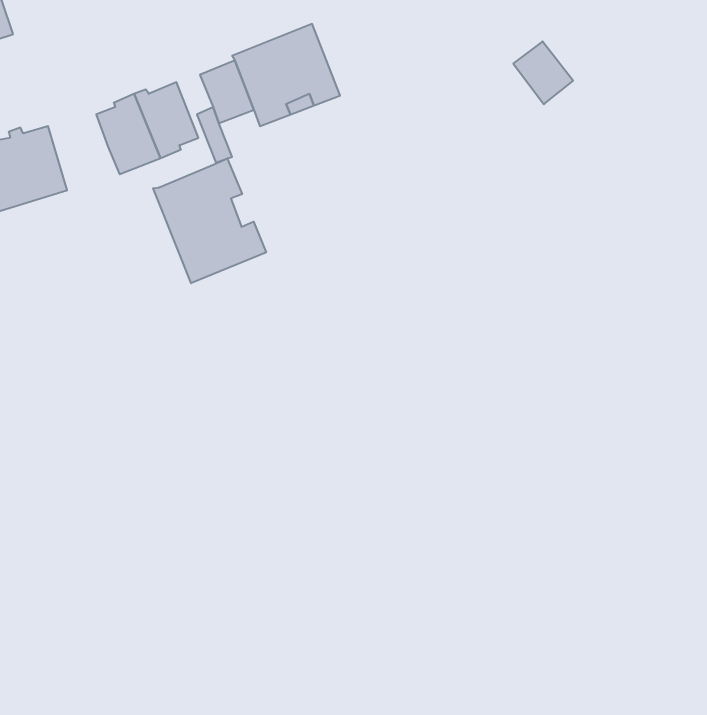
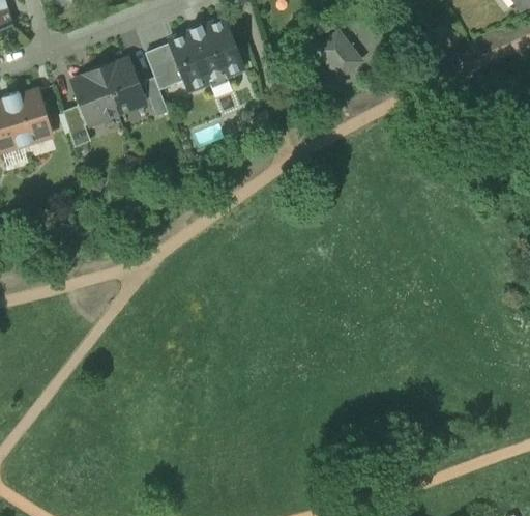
building: [513,41,573,104] -> [318,33,360,78]
building: none -> [63,105,90,146]
building: [153,158,266,283] -> none

